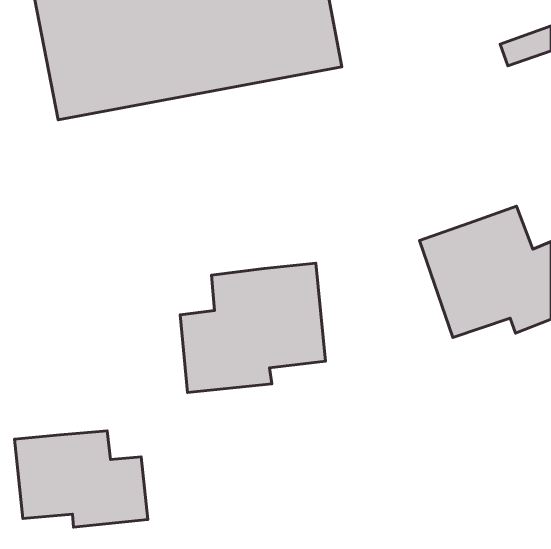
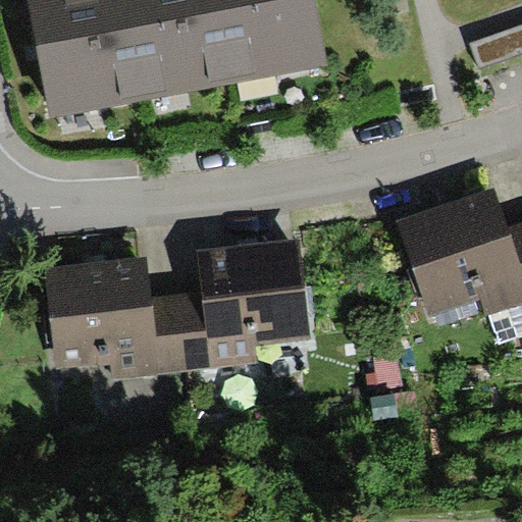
building: none -> [47,266,177,378]
building: [15,431,148,527] -> none

